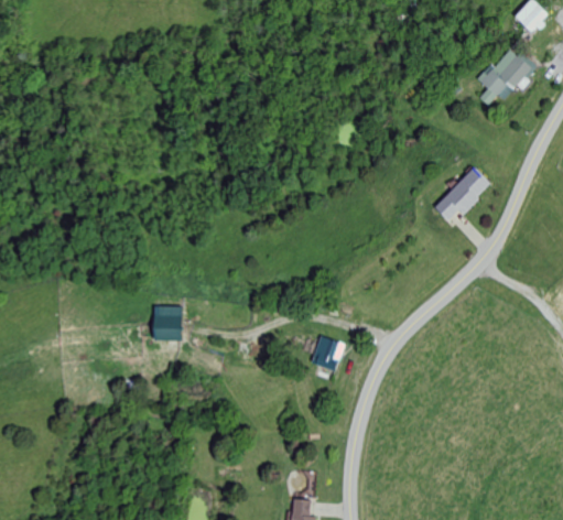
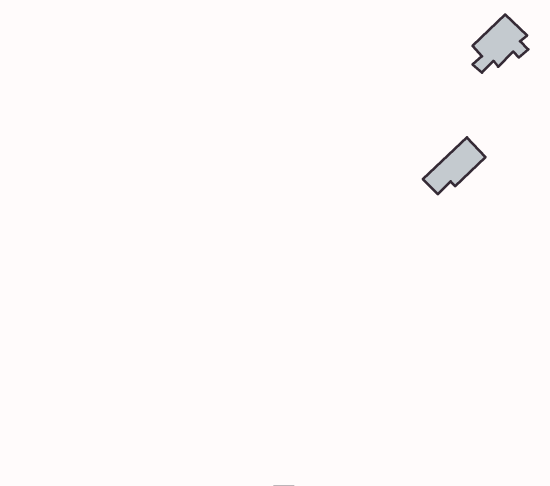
building: [151,305,181,339] -> none
building: [313,336,347,370] -> none

